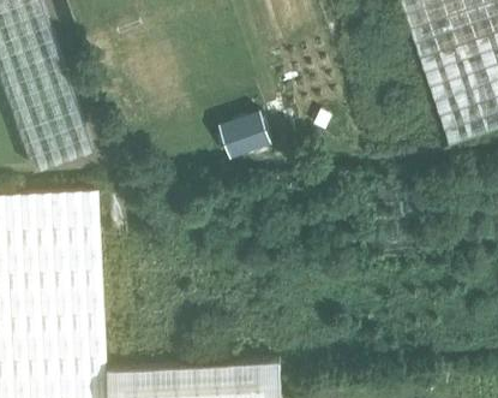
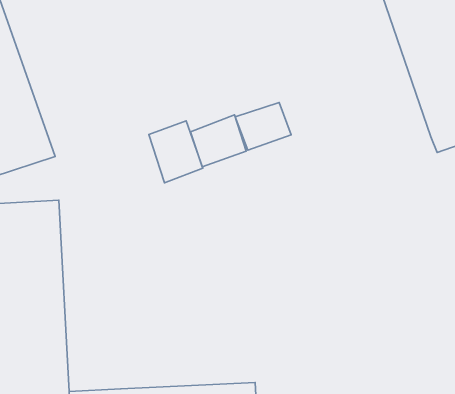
building: none -> [235,102,291,150]
building: none -> [149,121,203,183]

